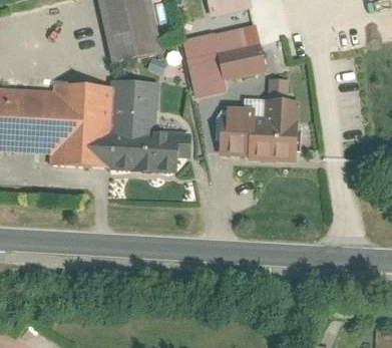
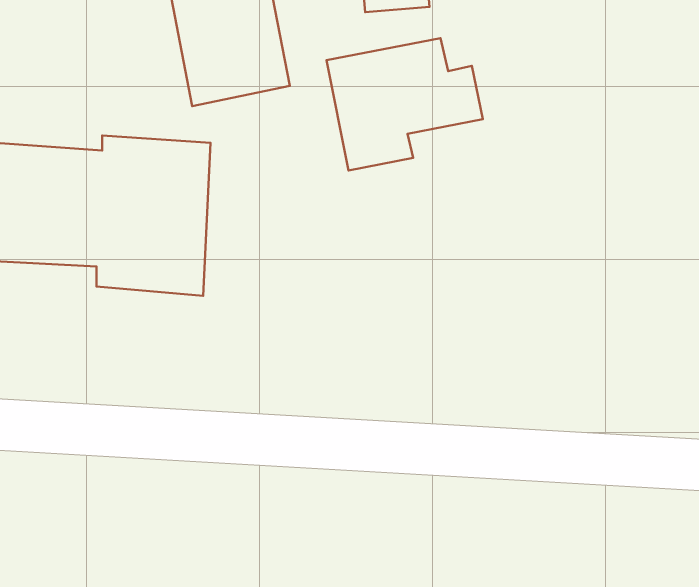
building: [111,77,192,172] -> none
building: [223,97,303,162] -> none

